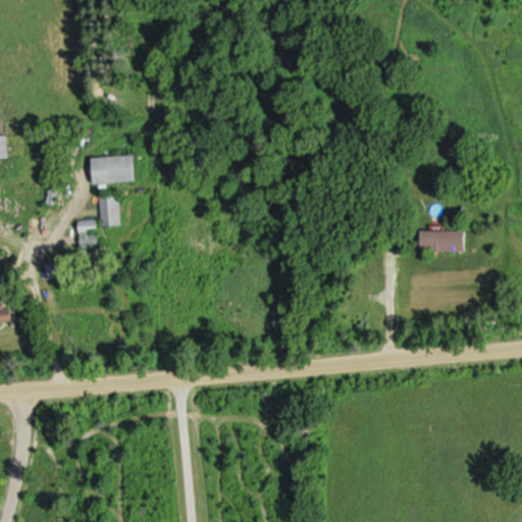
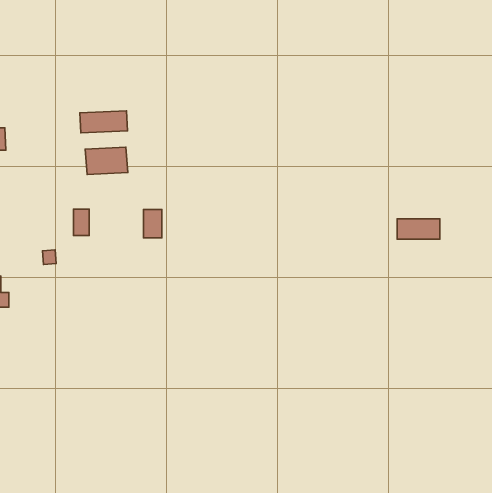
building: none -> [80,111,127,133]
building: [99,196,118,225] -> [143,210,162,238]

